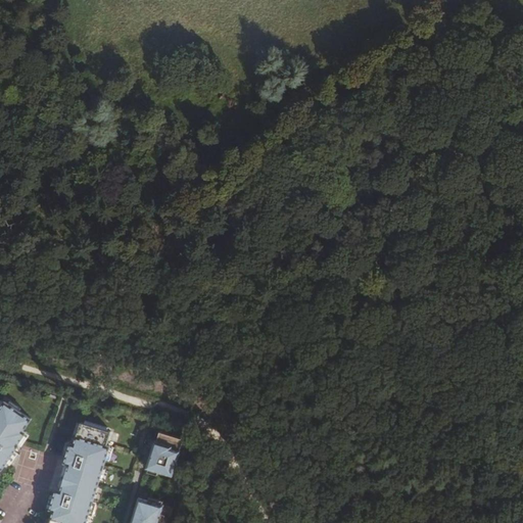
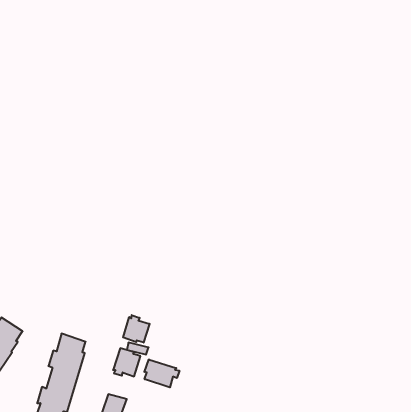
building: none -> [123,315,150,343]
building: none -> [144,359,179,387]

